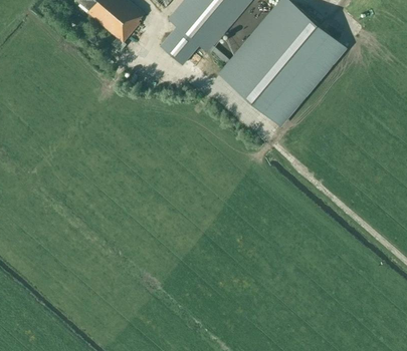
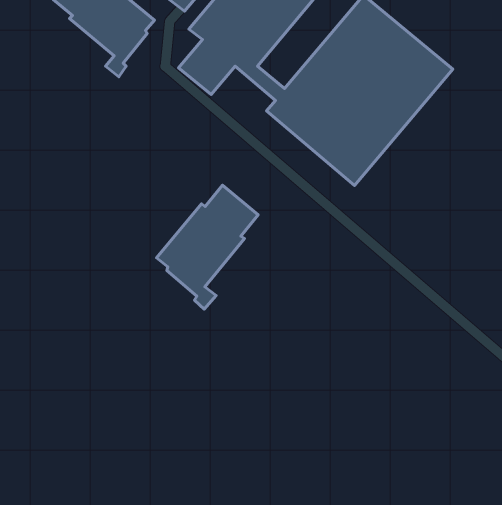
building: none -> [156,185,258,309]

